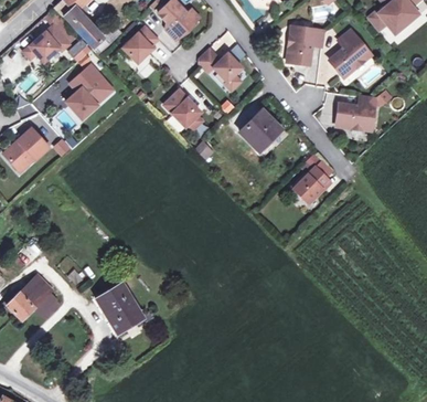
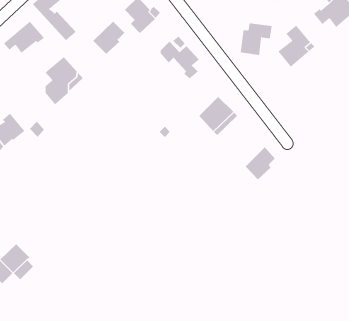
building: [163,89,201,128] -> none
building: [335,96,375,128] -> none
building: [96,283,142,331] -> none

